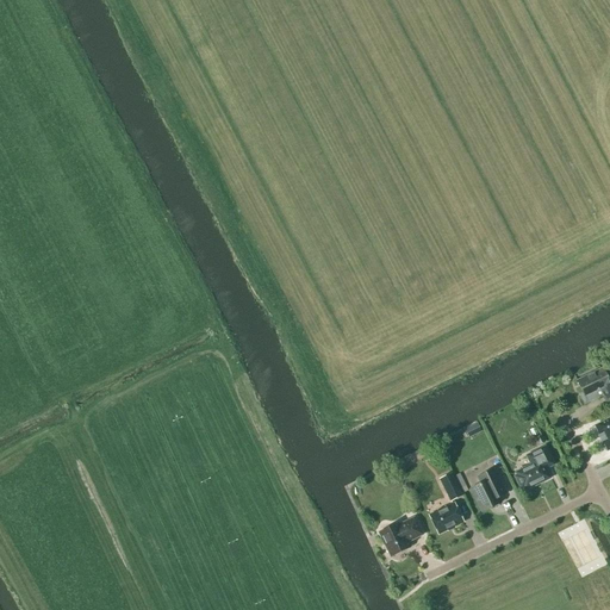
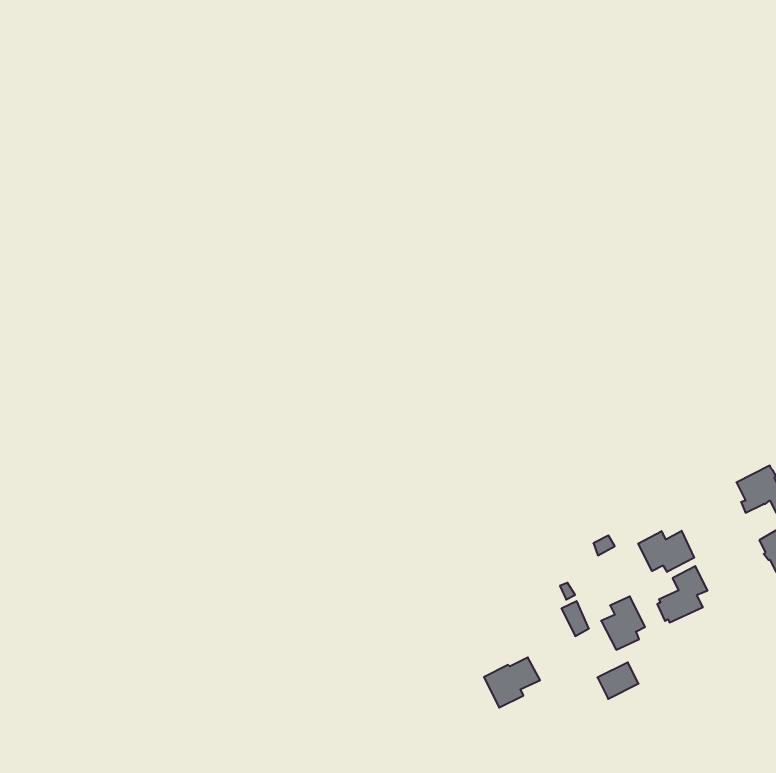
building: none -> [638,531,694,572]
building: [431,502,463,530] -> [597,662,639,699]

